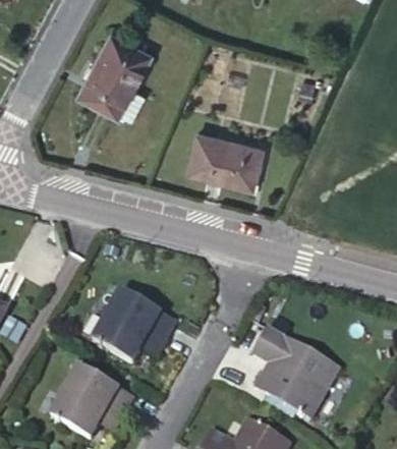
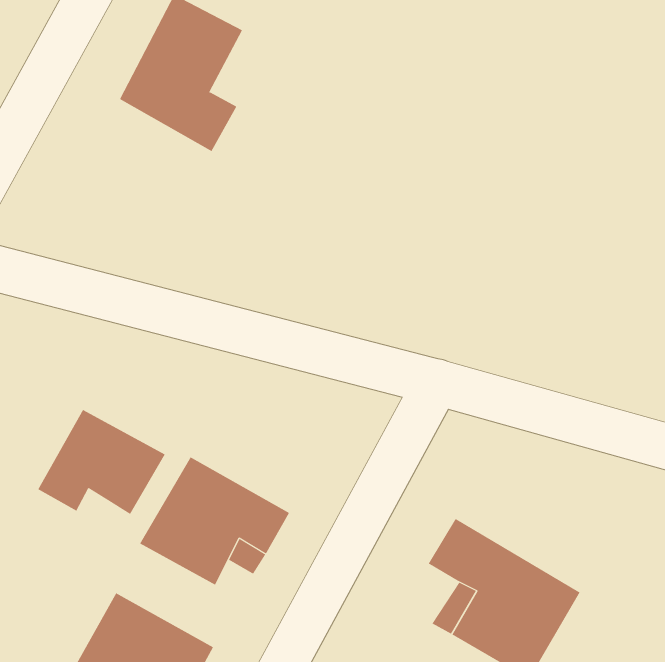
building: [188,129,263,185] -> none
building: none -> [38,409,166,515]

